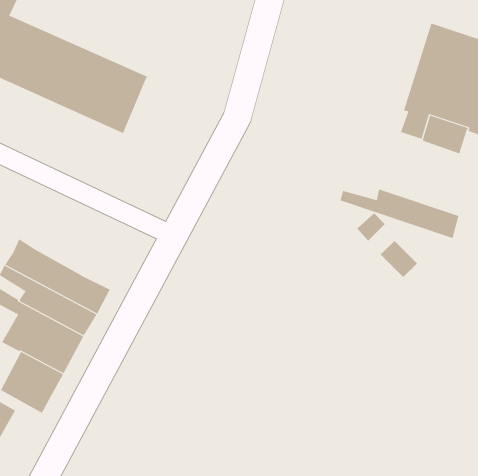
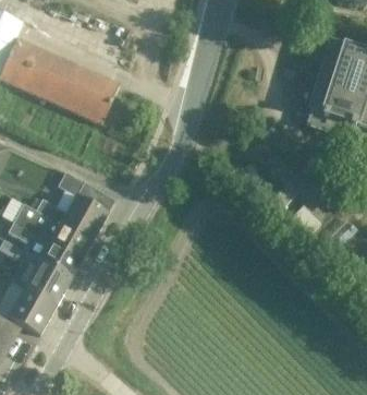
building: [340,189,459,239] -> none
building: none -> [34,170,108,240]

